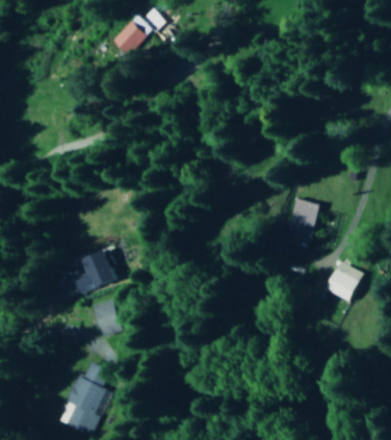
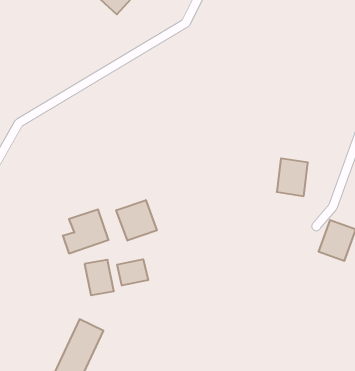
building: none -> [116,200,157,241]
building: none -> [117,259,148,286]

